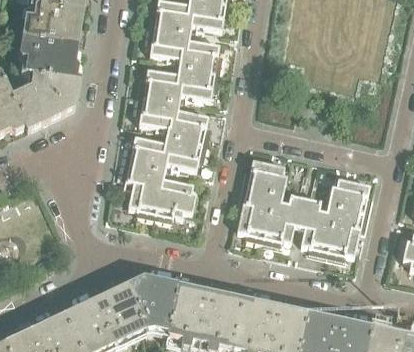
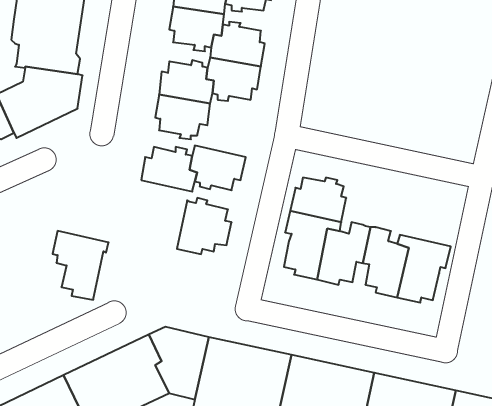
building: [167,108,210,144] -> none
building: [121,162,165,216] -> [53,231,109,300]
building: [328,176,372,214] -> none

